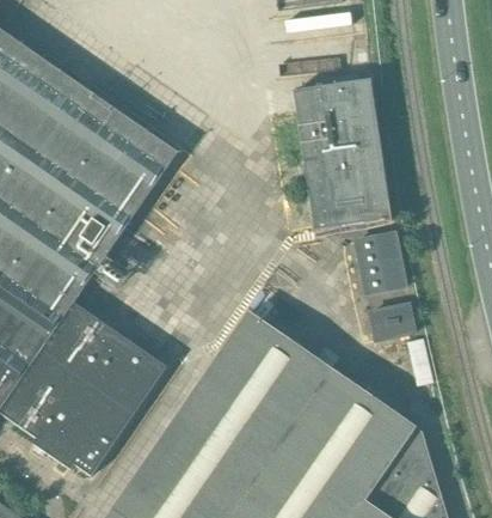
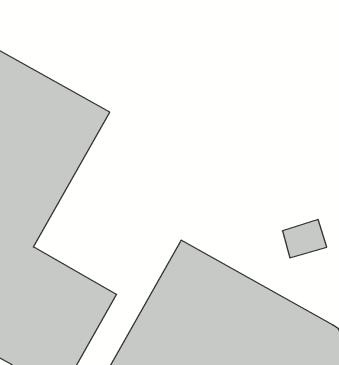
building: [293,79,390,230] -> none
building: [352,230,407,295] -> none

